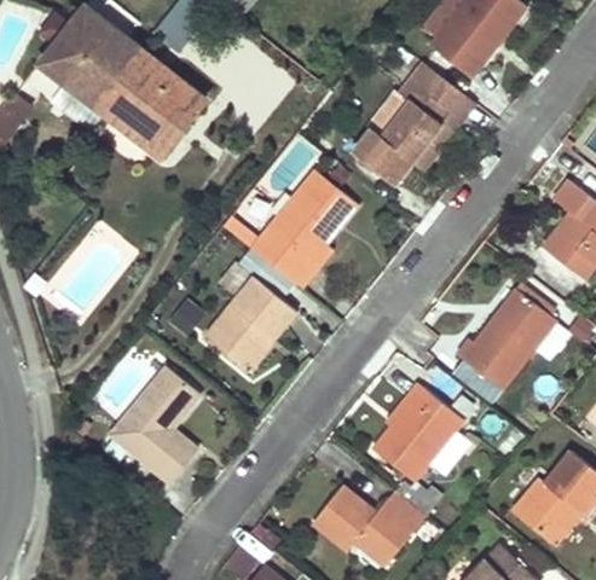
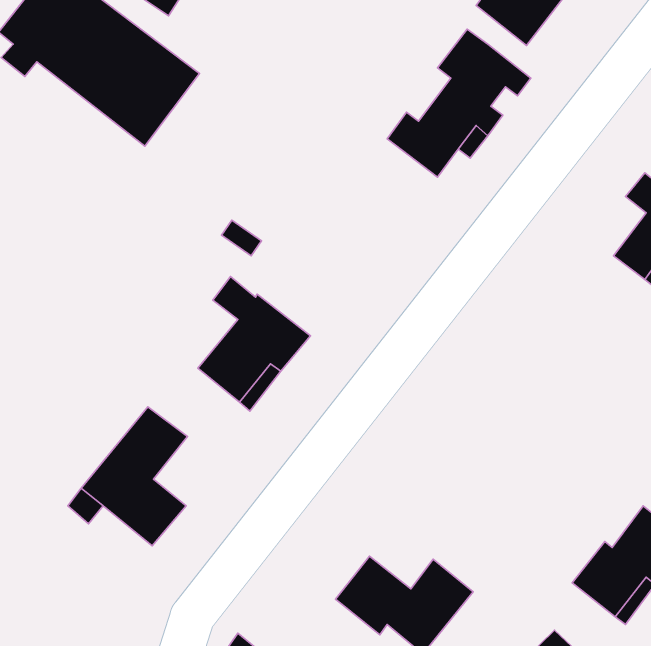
building: [250,169,355,286] -> none
building: [458,292,561,394] -> none
building: [374,390,464,485] -> none

